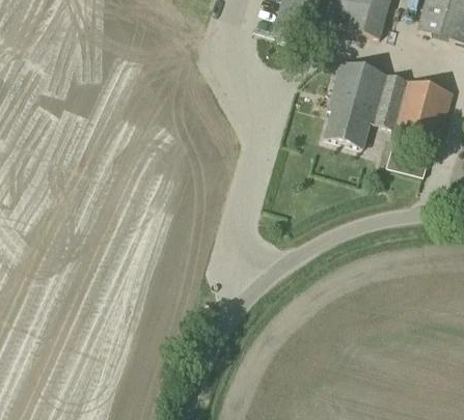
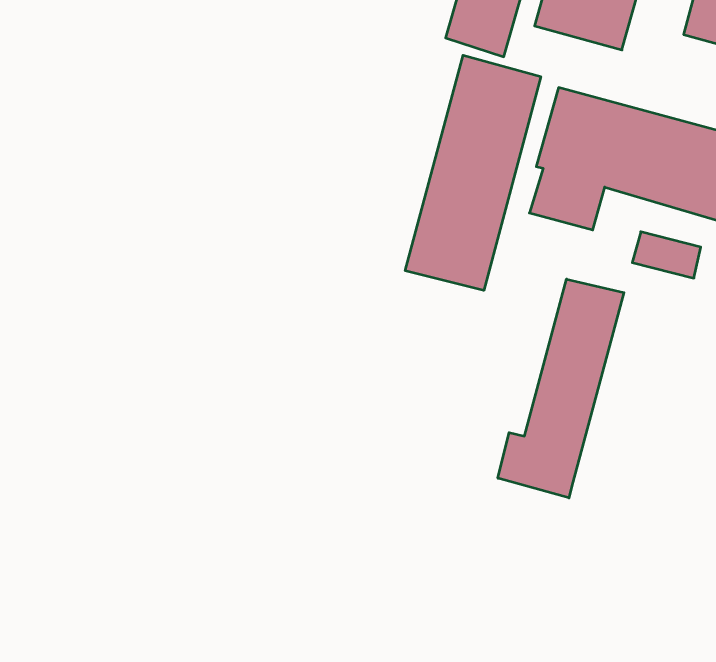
building: none -> [405,55,541,290]
building: none -> [498,279,624,498]

